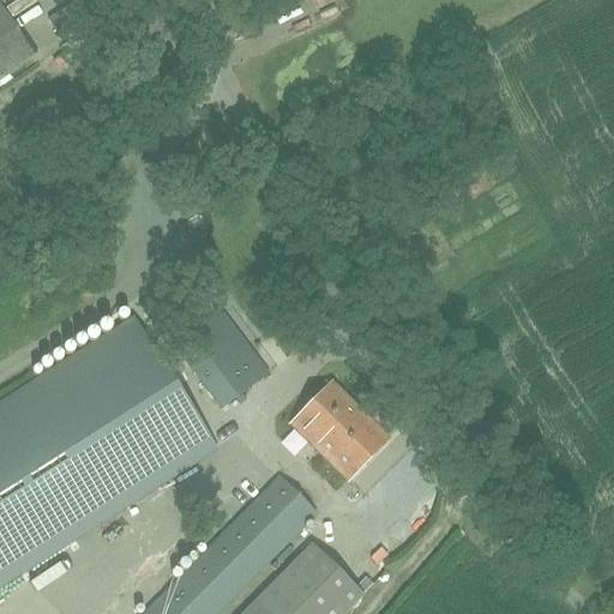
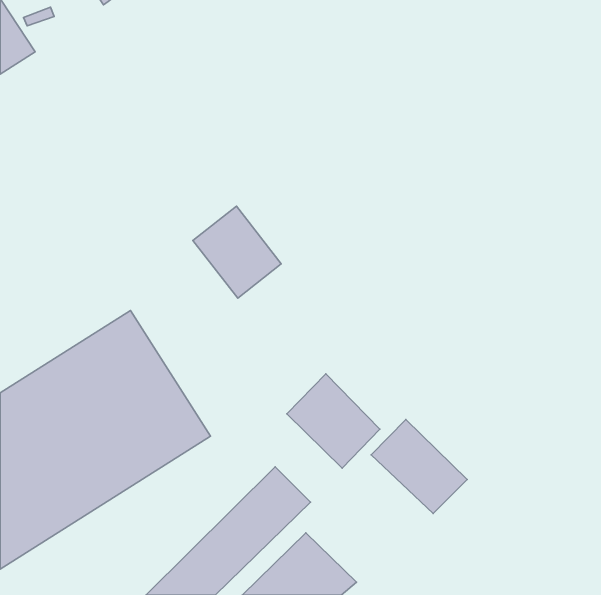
building: [177,313,267,407] -> [193,206,281,298]
building: none -> [371,420,467,514]

